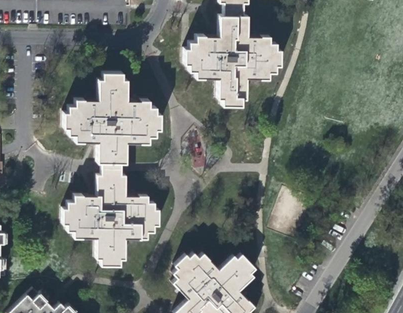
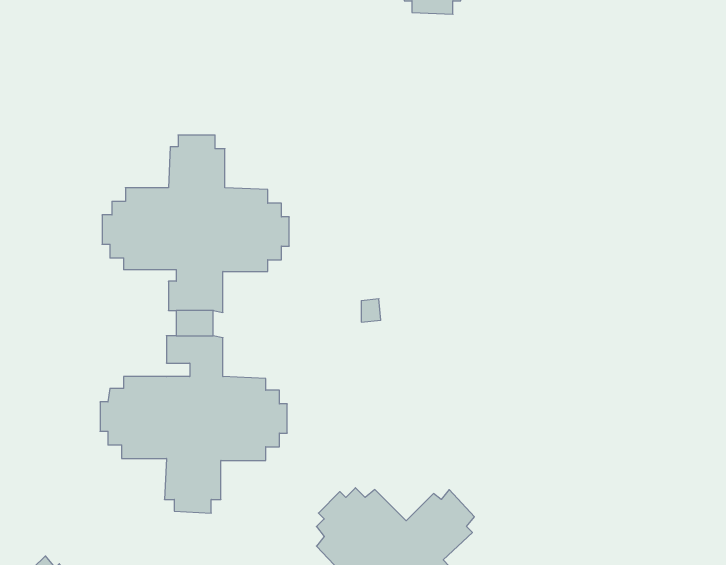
building: [183,8,280,105] -> none

